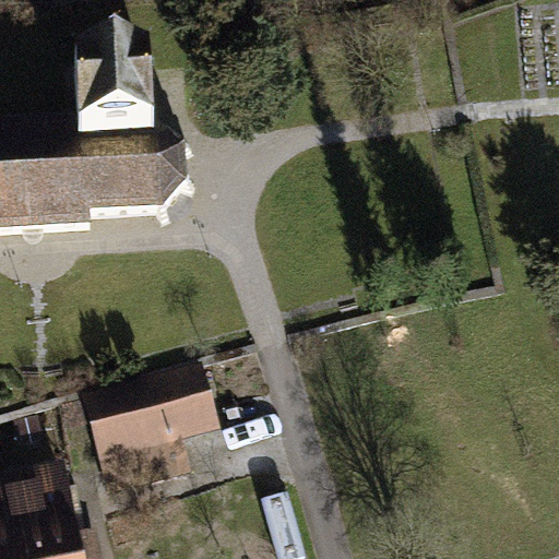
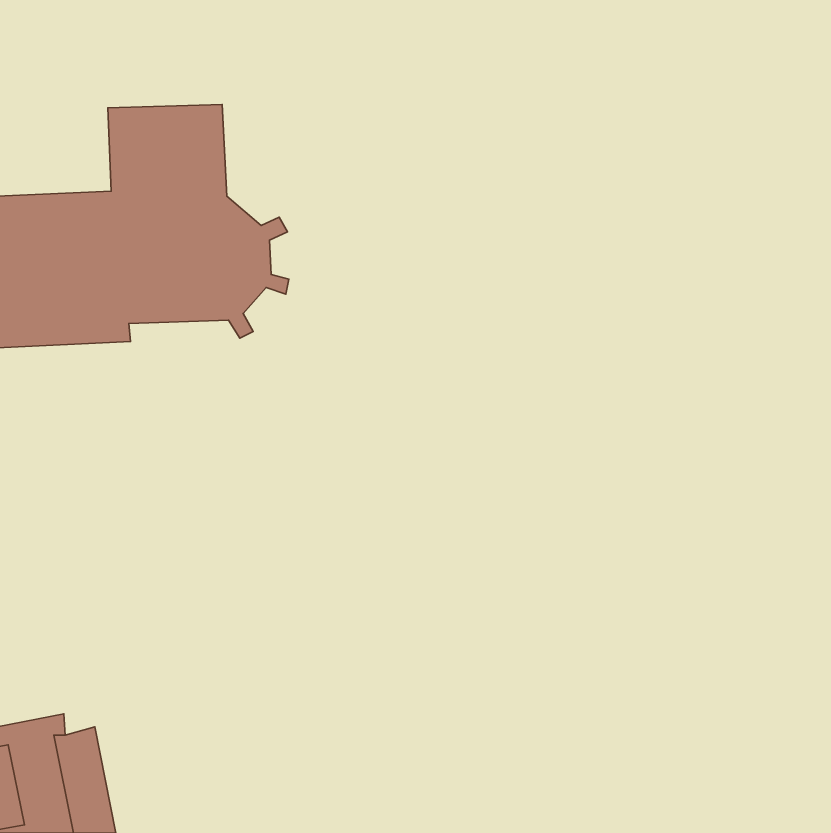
building: [86,370,213,489] -> none

